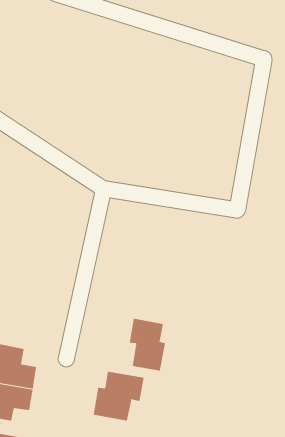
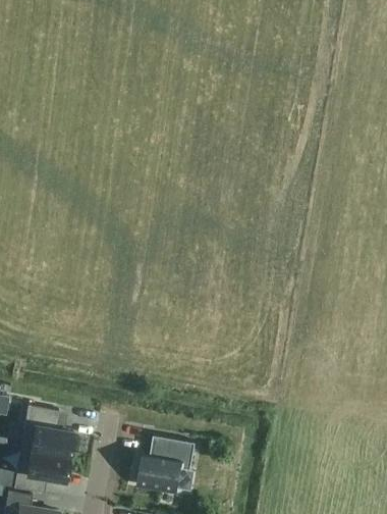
building: [129,318,166,372] -> none

